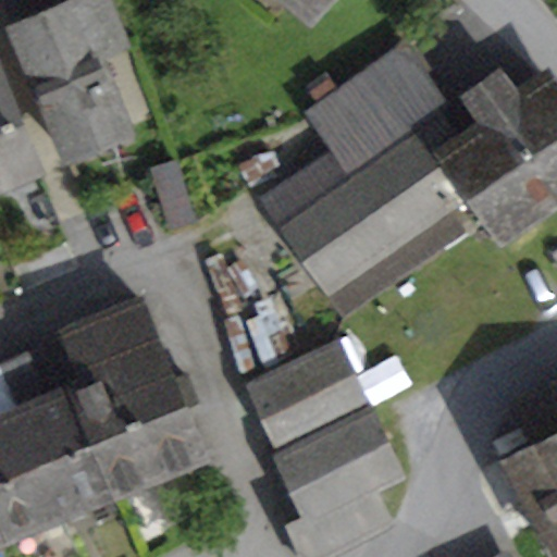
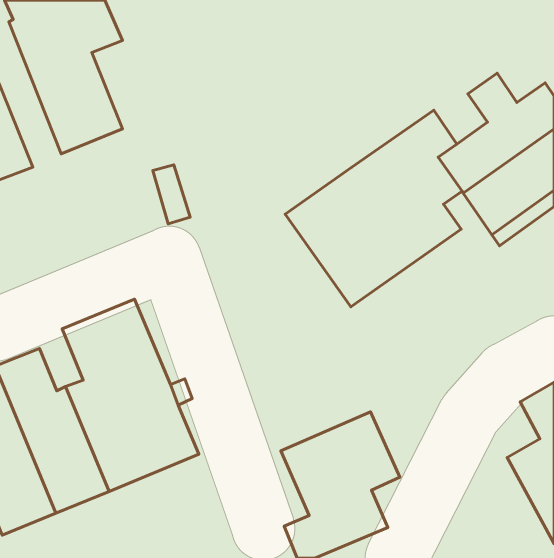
building: [312,51,438,166] -> none
building: [251,341,364,442] -> none

